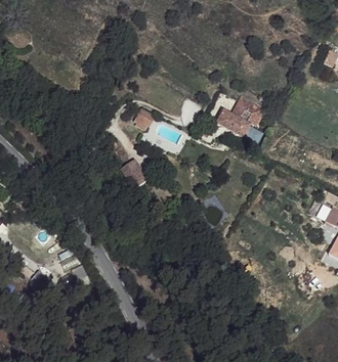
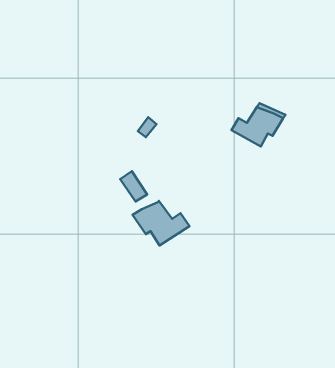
building: none -> [132,201,189,245]

